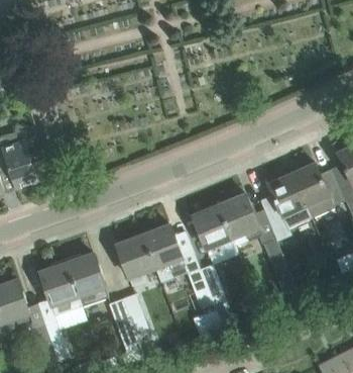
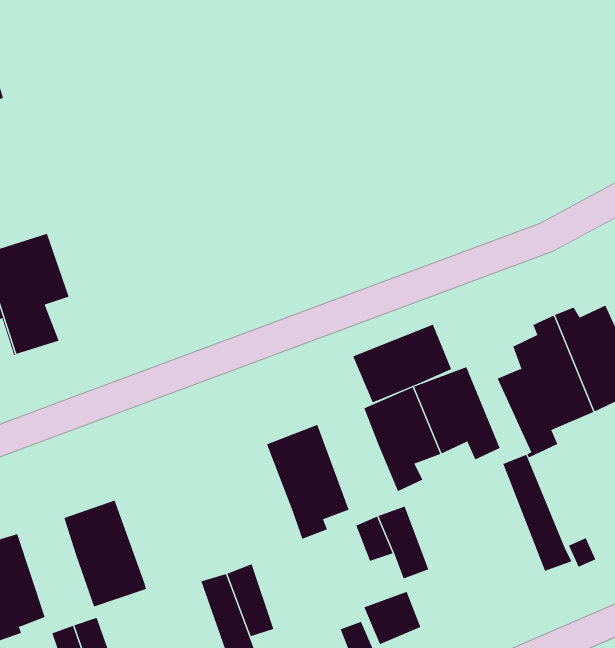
building: none -> [352,324,452,403]
building: [117,234,156,287] -> none
building: [67,253,108,304] -> none

